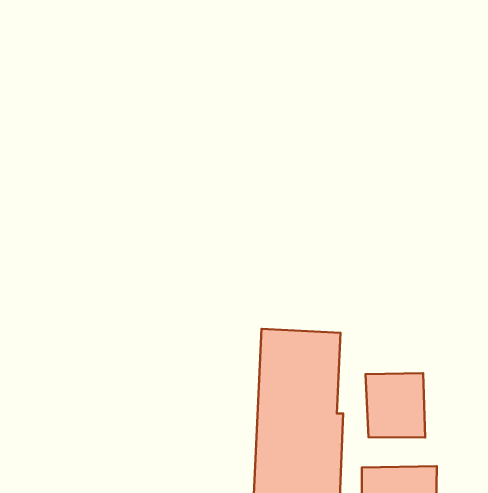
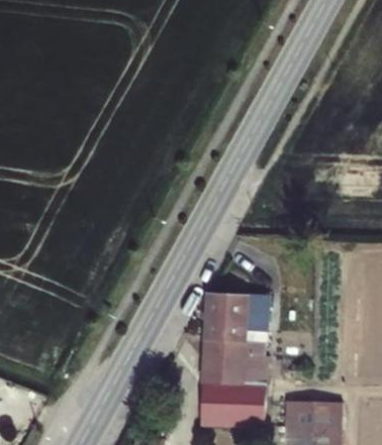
building: [366,373,425,437] -> none

